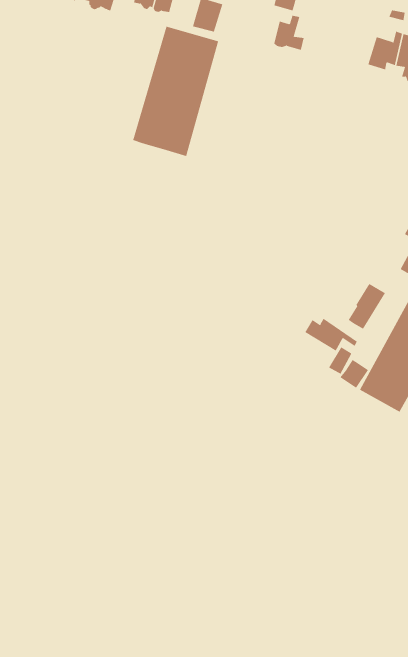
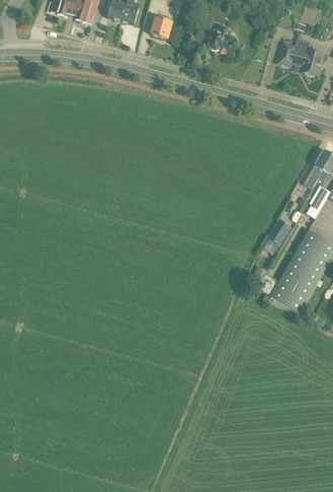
building: [133,26,219,157] -> none
building: [305,318,357,352] -> none

